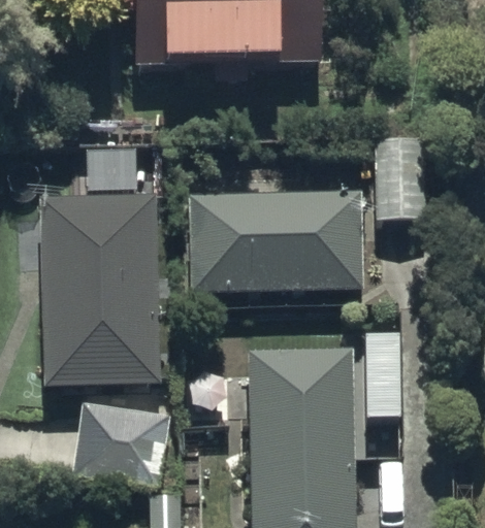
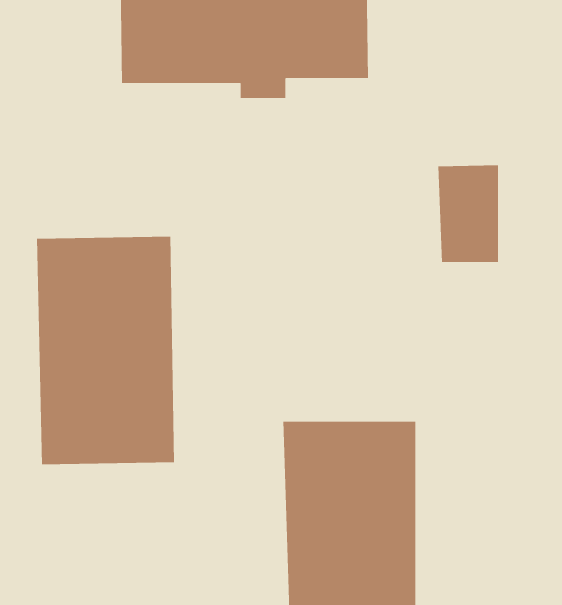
building: [190,176,363,291] -> none
building: [73,404,170,484] -> none

